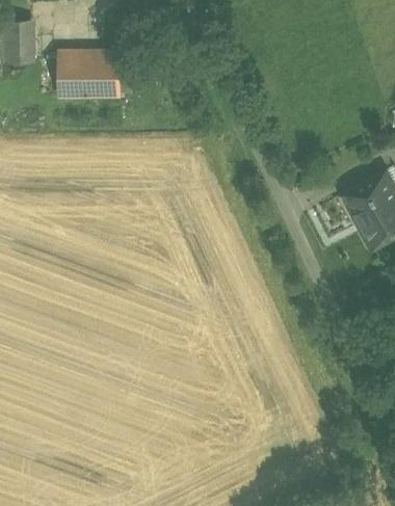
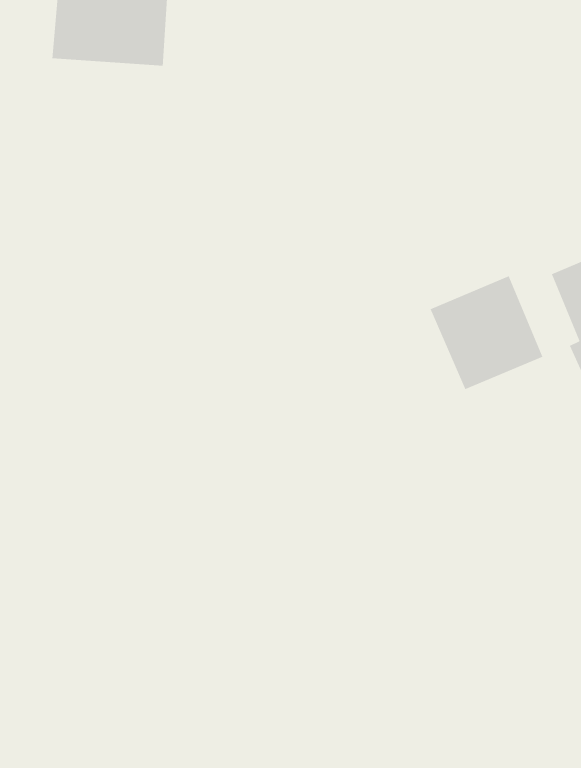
building: none -> [430,275,543,390]

